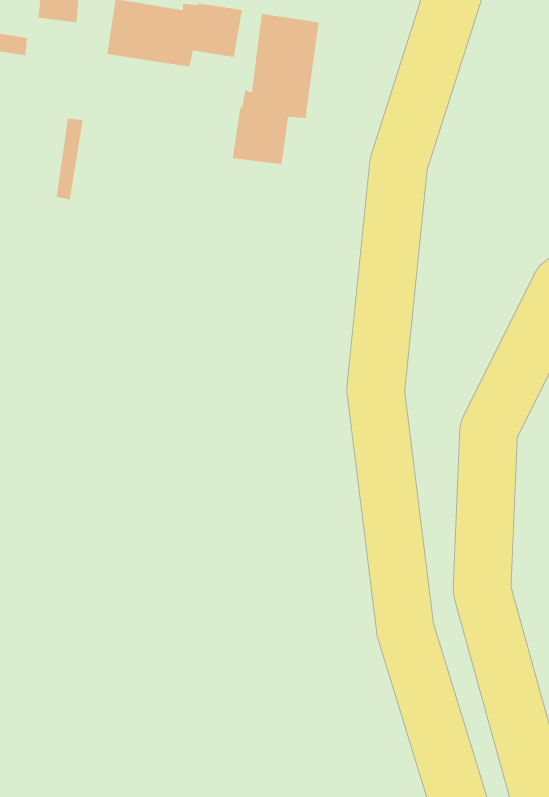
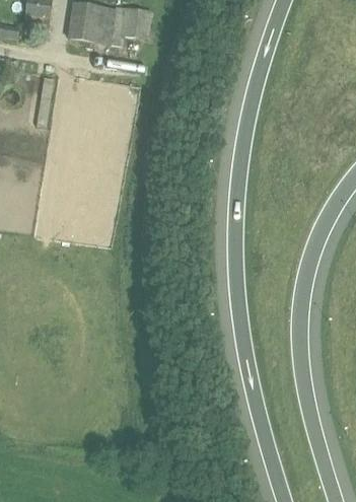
building: [232,13,319,165] -> none

